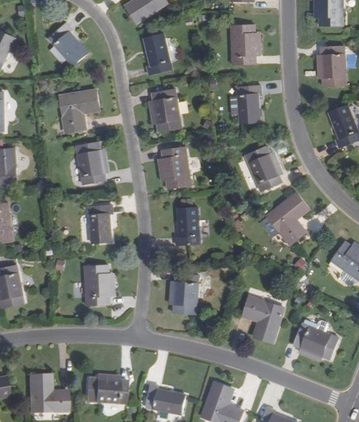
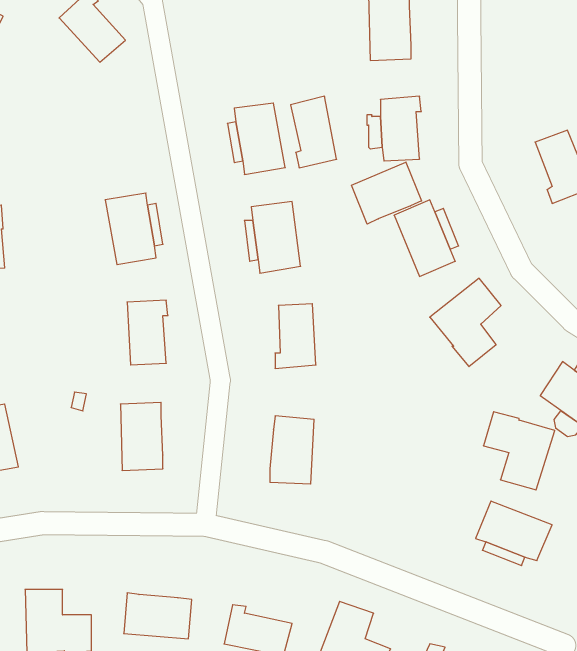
building: [143,33,170,75] -> [291,96,337,168]
building: [320,46,346,86] -> none
building: [59,89,99,132] -> none
building: none -> [351,162,422,224]
building: [242,296,284,342] -> [483,412,555,490]

